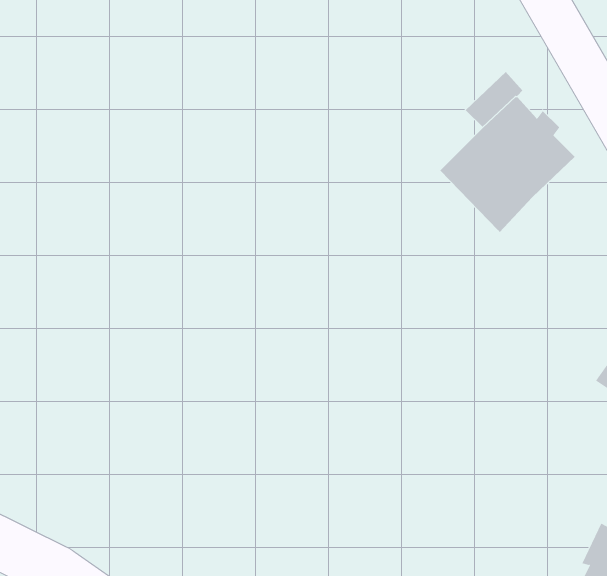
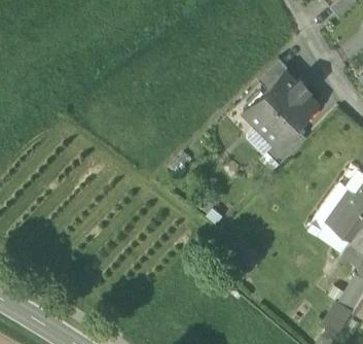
building: none -> [267,126,306,164]

